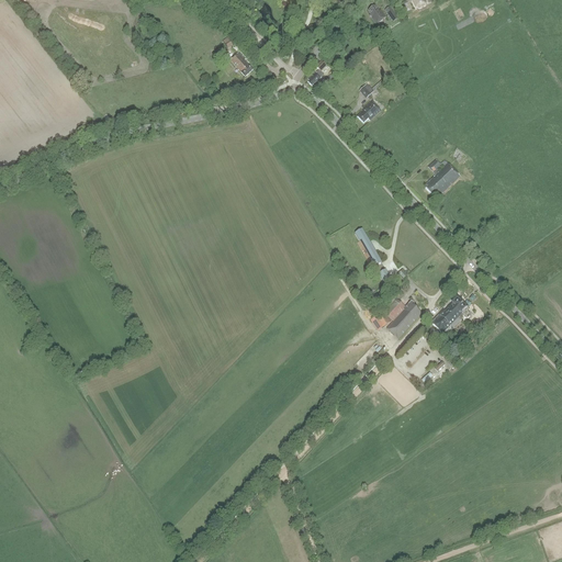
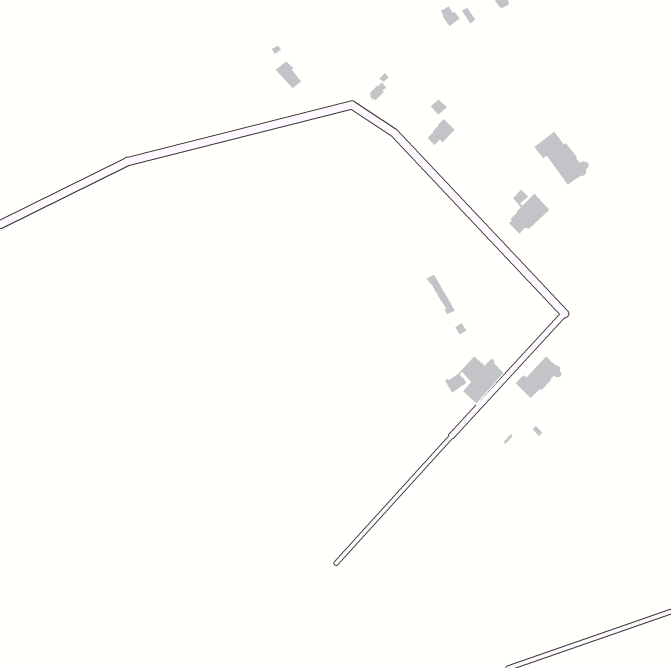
building: none -> [533,131,590,186]

